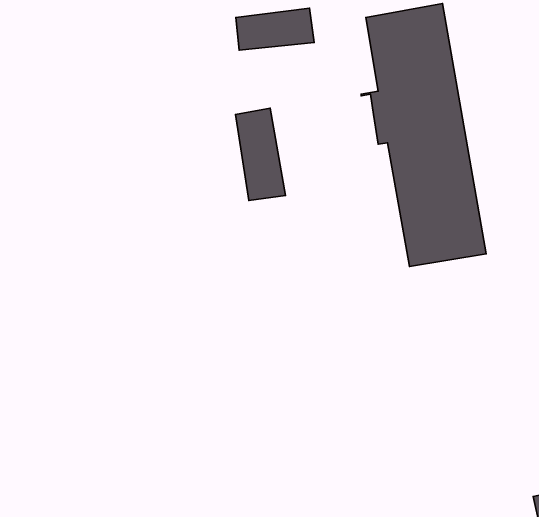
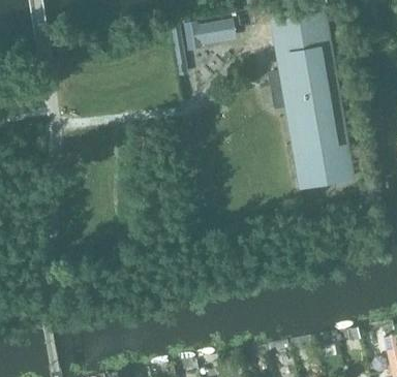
building: [236,108,285,200] -> none

